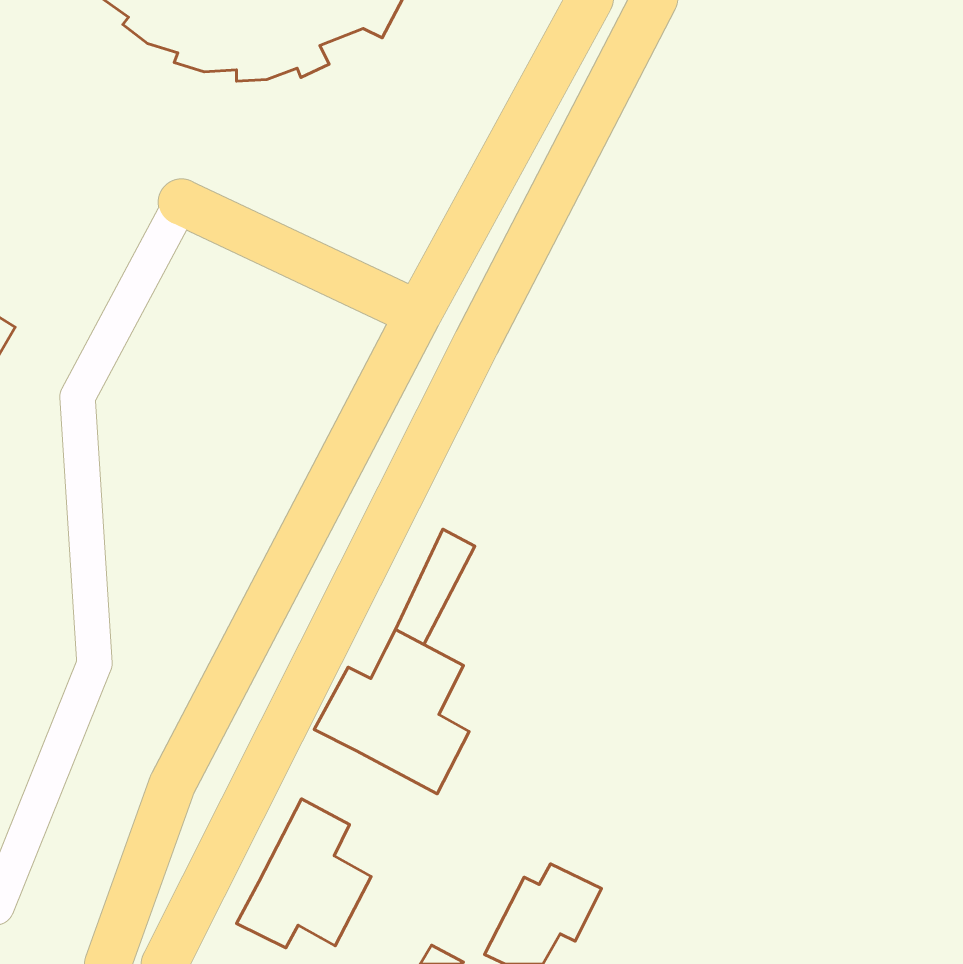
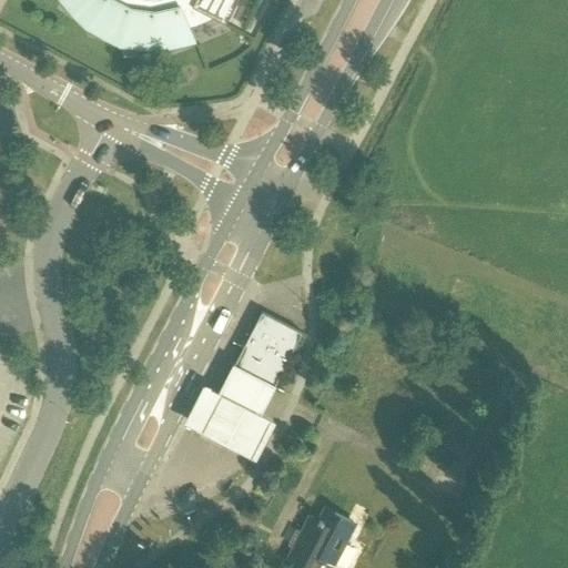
building: none -> [248,321,301,390]
building: [236,799,371,948] -> none

